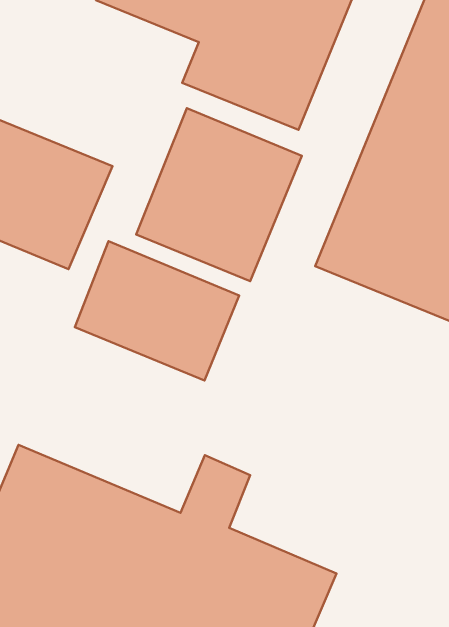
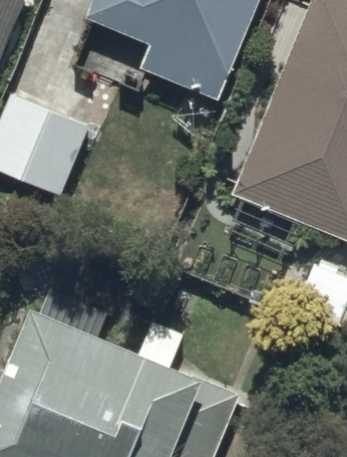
building: [136,108,302,281] -> none
building: [75,241,239,380] -> none

